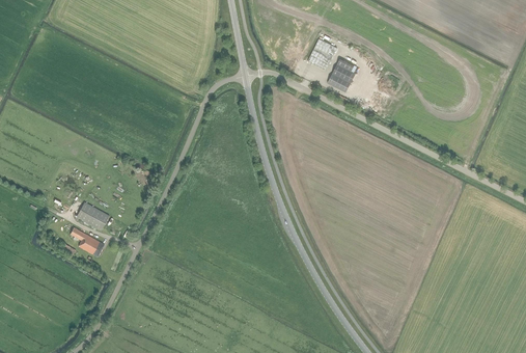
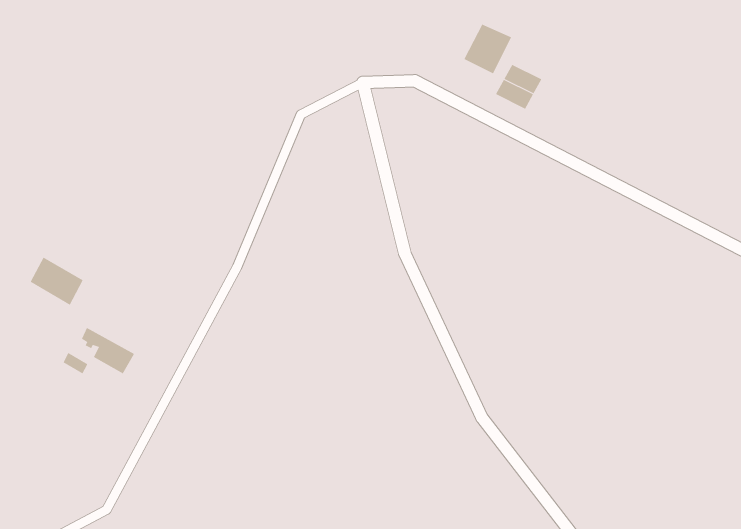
building: [76,200,109,230] -> [30,257,83,305]

